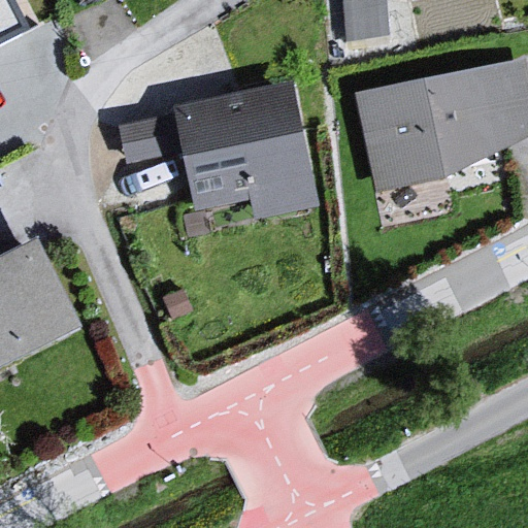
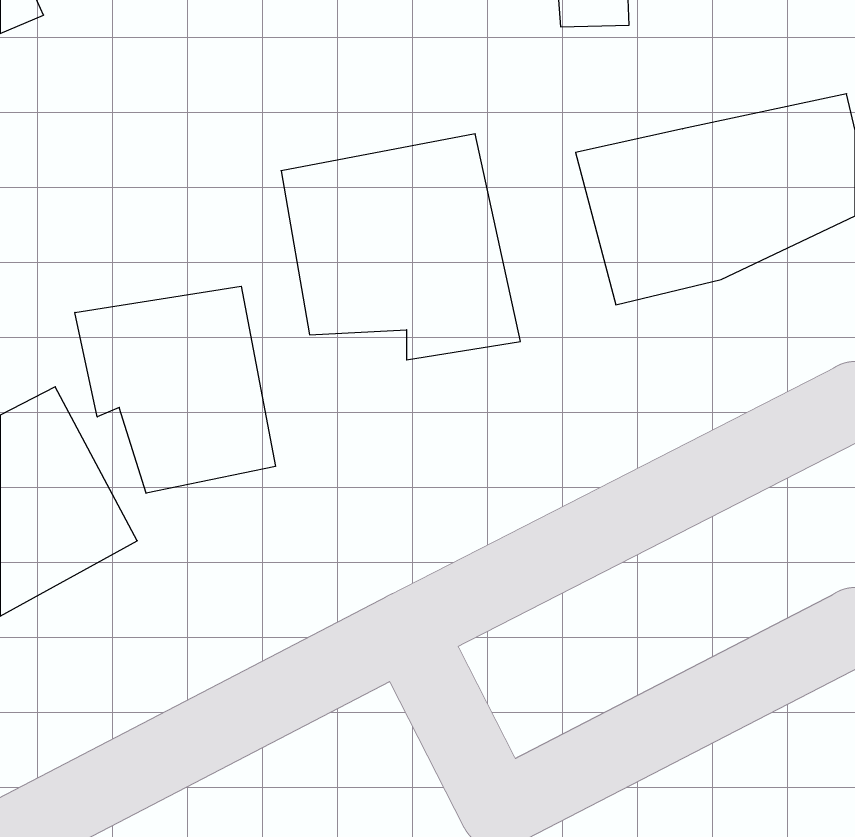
building: none -> [75,286,275,493]

